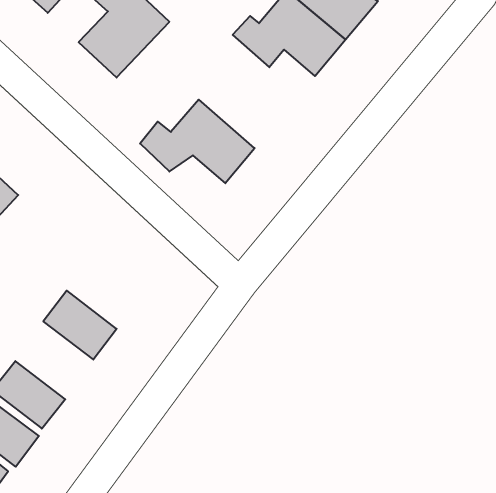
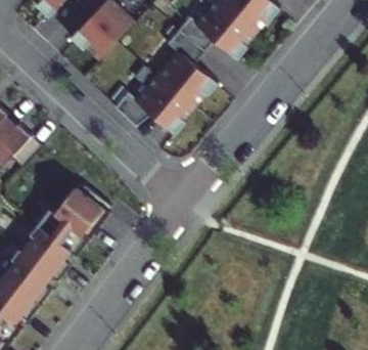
building: none -> [149,27,212,105]
building: none -> [61,183,112,230]
building: none -> [22,228,73,275]

